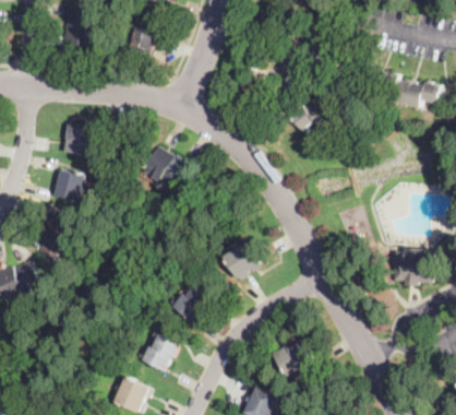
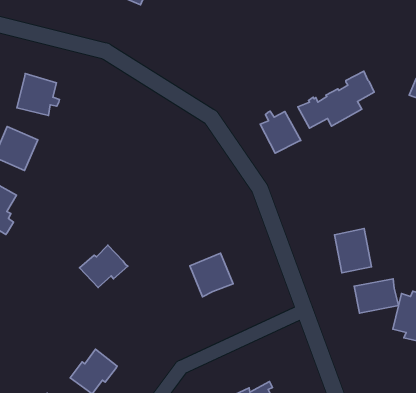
building: none -> [260,111,301,153]
building: [142,145,192,191] -> none
building: none -> [354,279,399,313]
building: [173,284,212,319] -> [80,245,128,287]

